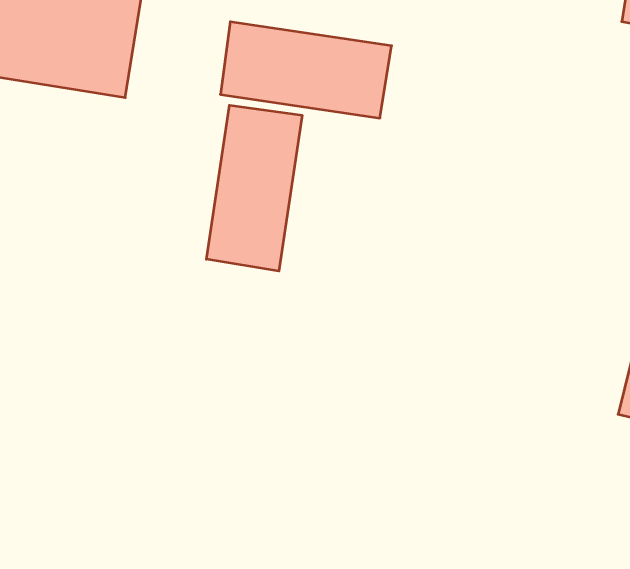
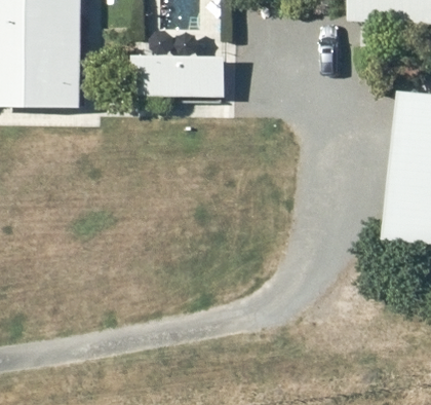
building: [206,105,302,271] -> none

